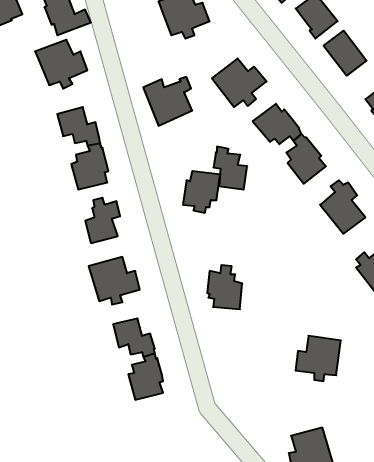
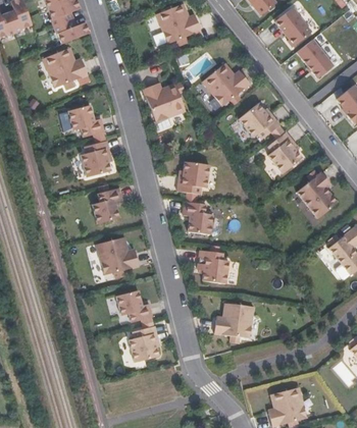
building: [213,147,247,190] -> [182,197,211,234]
building: [296,336,341,381] -> [213,303,253,342]

